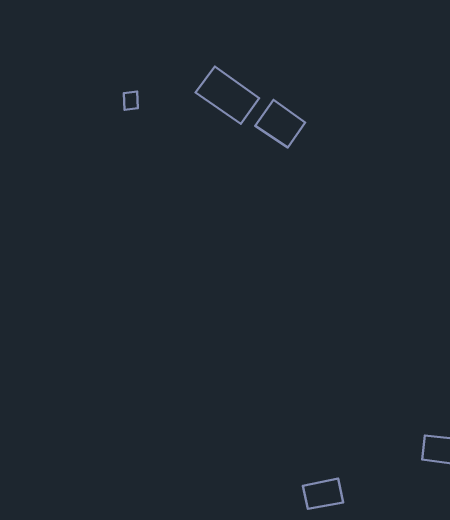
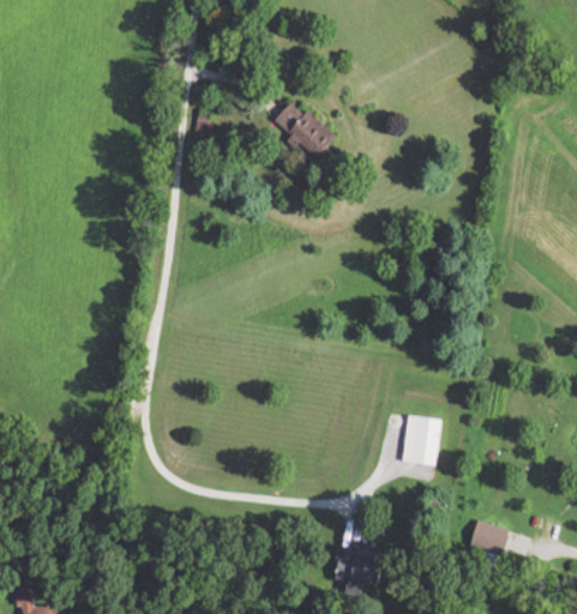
building: [255,100,305,147] -> none
building: none -> [402,415,439,465]

